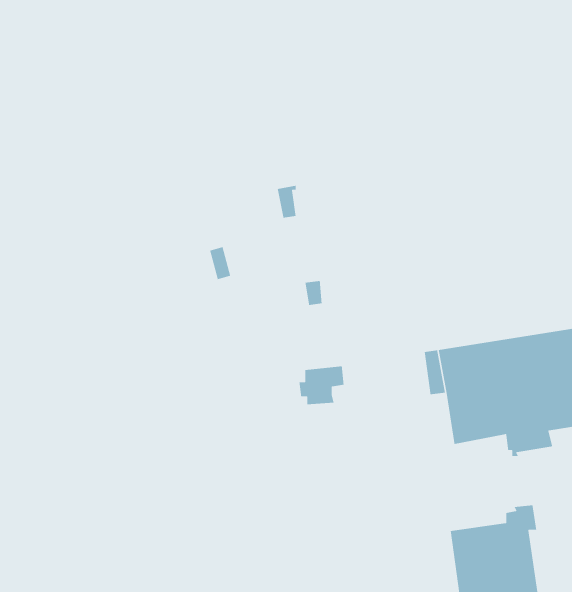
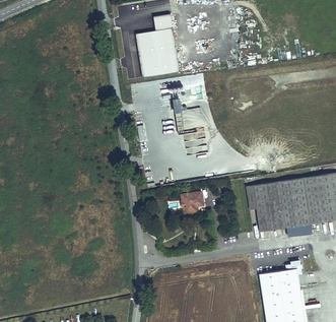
building: none -> [136,17,180,81]

